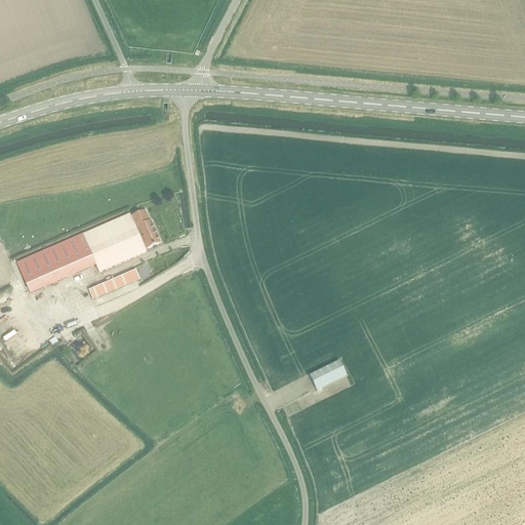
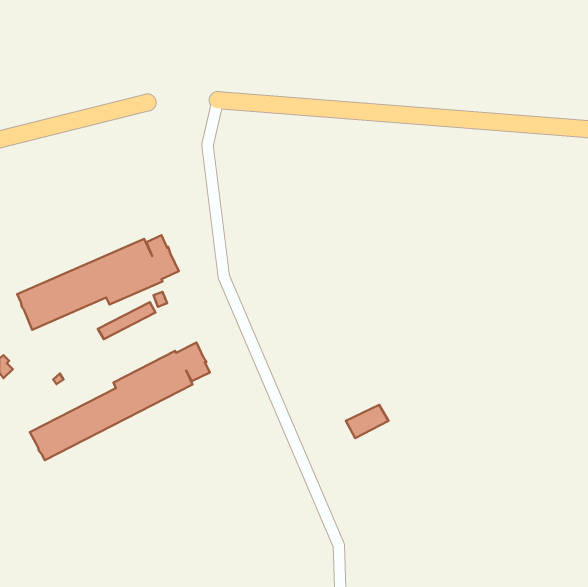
building: none -> [30,343,210,460]

